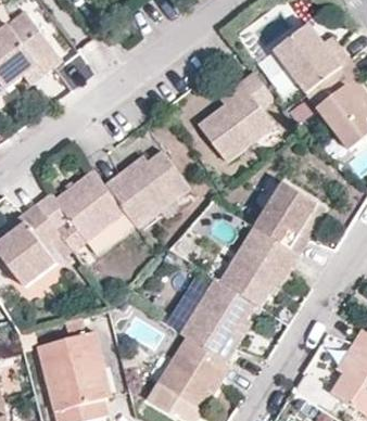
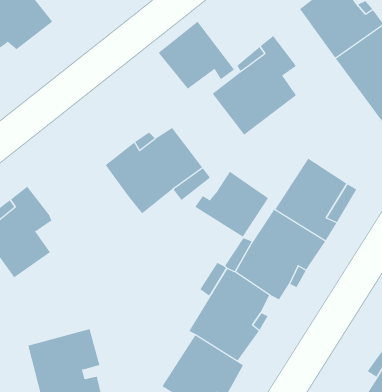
building: none -> [158,21,235,90]
building: [36,171,124,241] -> none
building: none -> [195,171,269,238]

